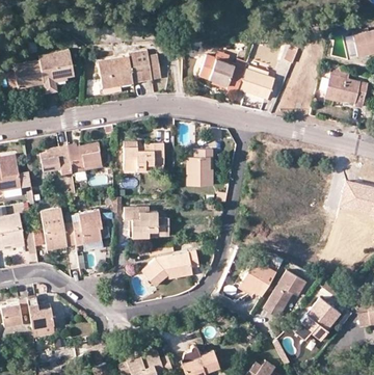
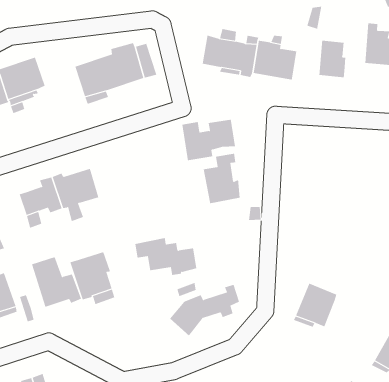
building: none -> [319,40,346,78]
building: [124,141,163,170] -> [182,119,236,161]
building: [263,270,306,318] -> none

